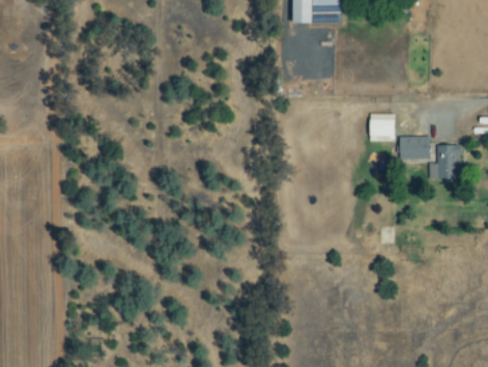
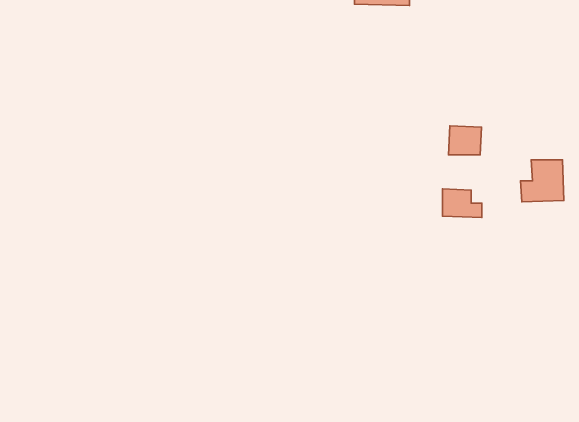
building: [400,136,431,159] -> [442,189,482,218]

